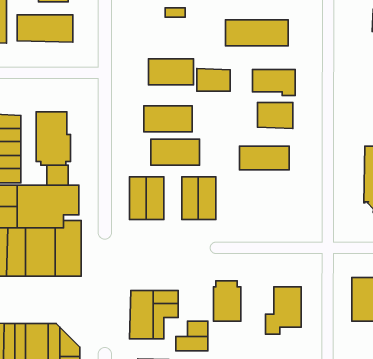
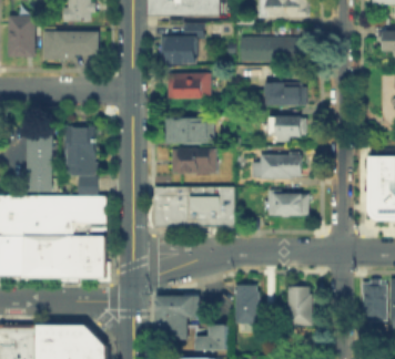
building: [197,69,230,91] -> [171,40,202,61]
building: none -> [184,186,201,226]
building: none -> [270,195,310,217]

